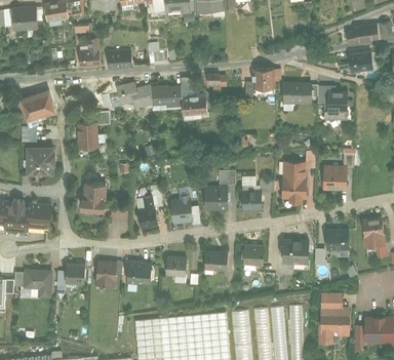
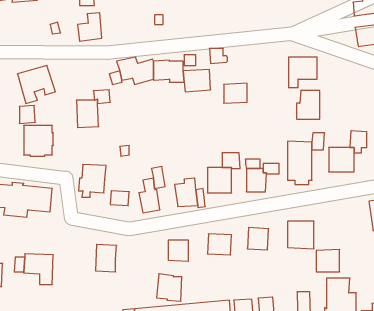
building: [108,46,131,65] -> none
building: [250,66,273,85] -> [224,83,247,103]
building: [325,89,348,117] -> [297,91,320,119]
building: [325,229,348,250] -> [316,250,340,272]
building: [125,261,150,287] -> [157,274,182,301]
building: [65,265,83,285] -> none

